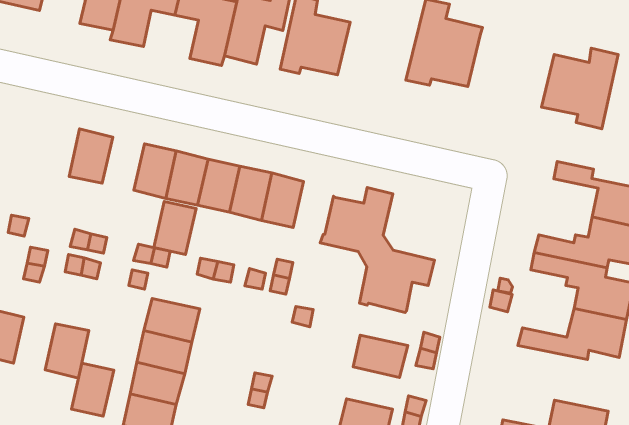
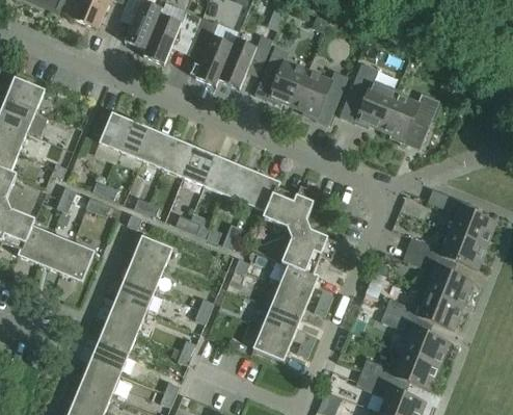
building: none -> [293,71,348,125]
building: [542,48,618,129] -> [380,94,438,150]
building: none -> [245,174,279,212]
building: [154,201,196,254] -> [120,122,154,160]
building: none -> [278,264,318,297]
building: none -> [380,310,448,365]
building: [71,363,114,416] -> [39,234,73,273]
building: none -> [262,306,300,339]

